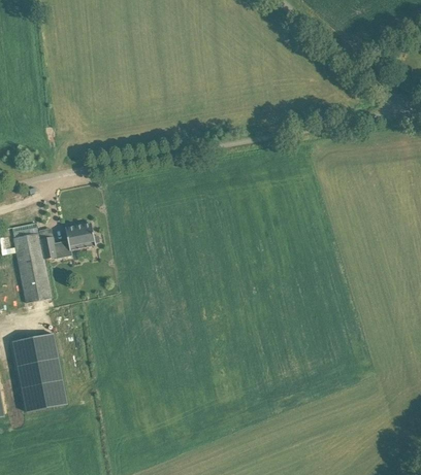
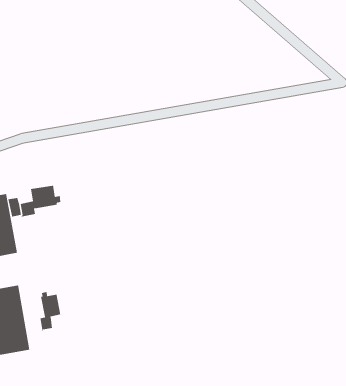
building: none -> [40,291,61,332]

